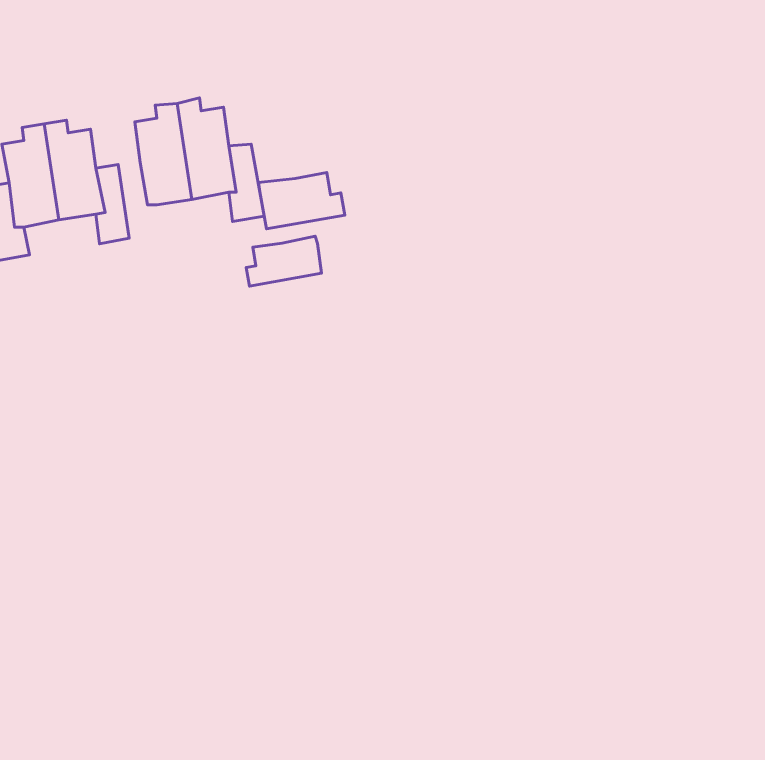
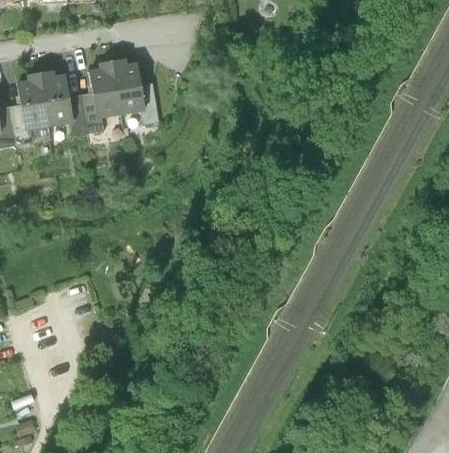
building: none -> [81,92,105,133]
building: [258,172,345,229] -> none
building: [246,236,321,286] -> none

